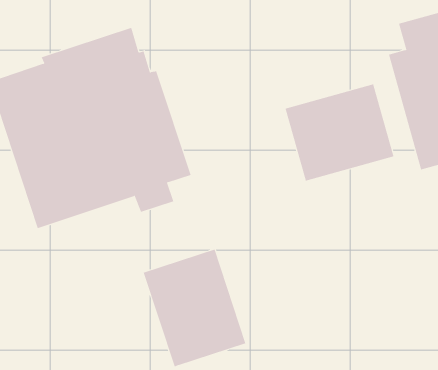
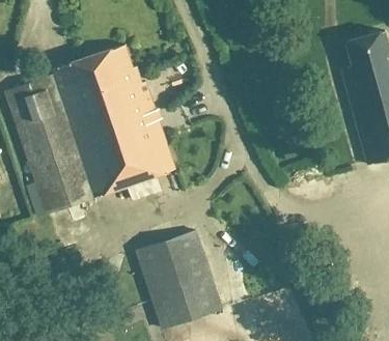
building: [285,83,394,182] -> none

